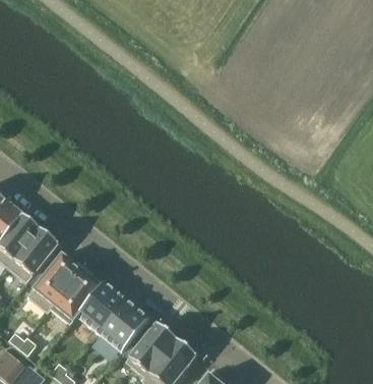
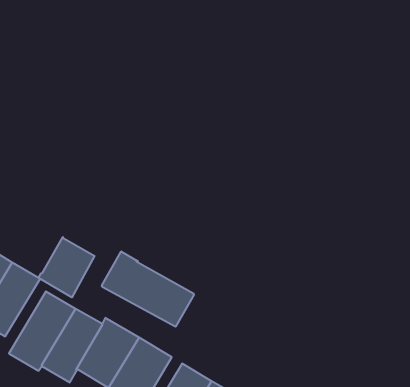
building: none -> [38,237,95,297]
building: none -> [102,251,194,327]

